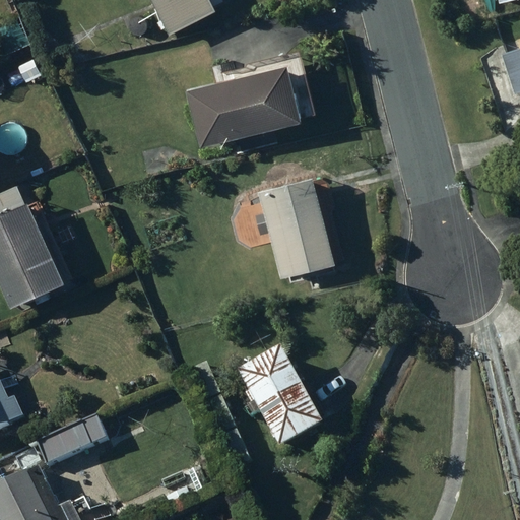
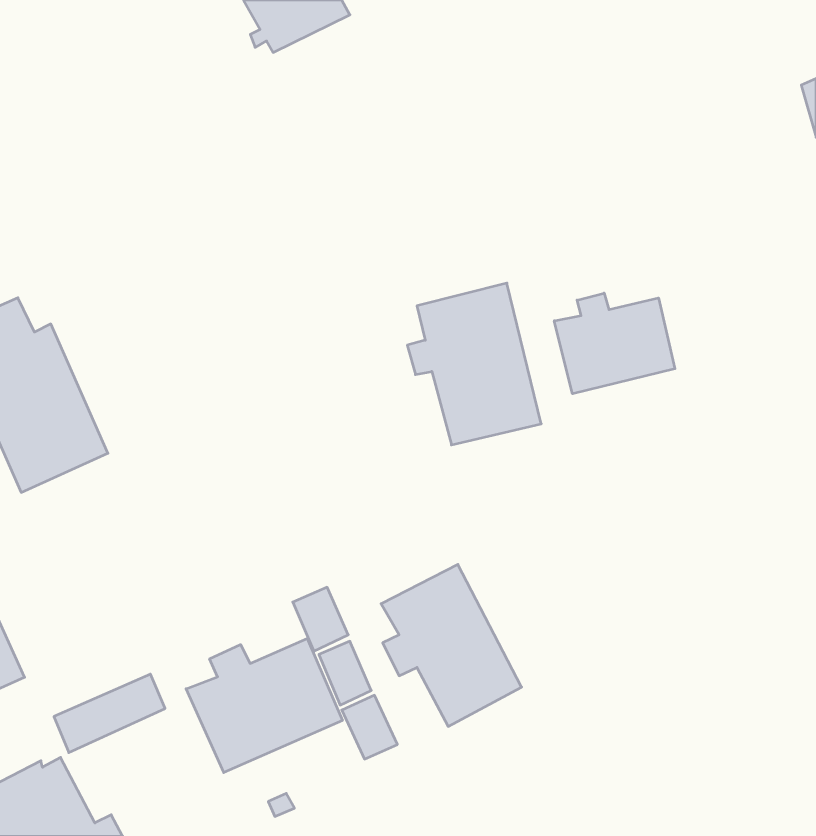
building: [189,63,305,146] -> none
building: none -> [554,293,675,394]
building: none -> [186,639,342,773]

